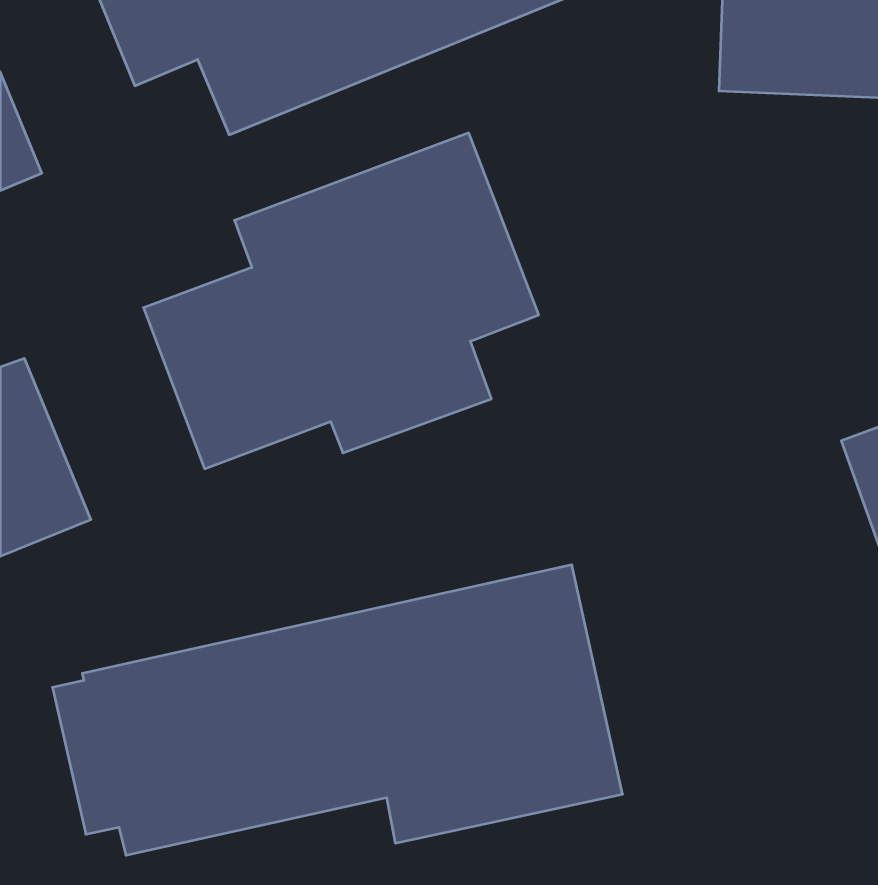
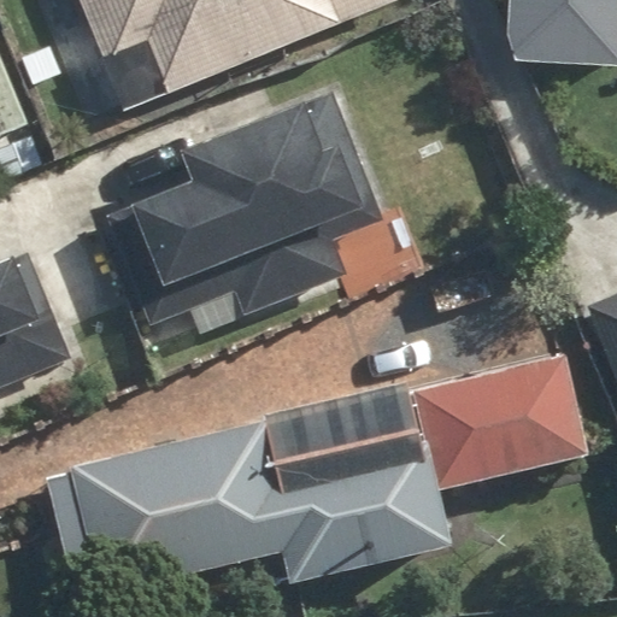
building: none -> [415,354,583,490]

